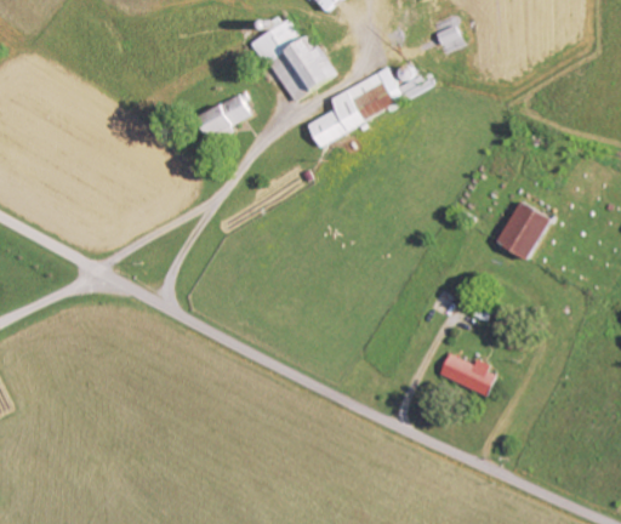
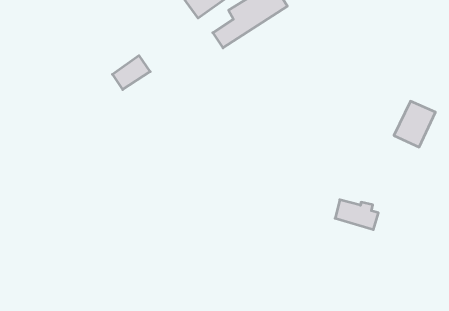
building: [203,92,251,133] -> [112,56,150,90]
building: [496,200,552,260] -> [394,101,435,147]

